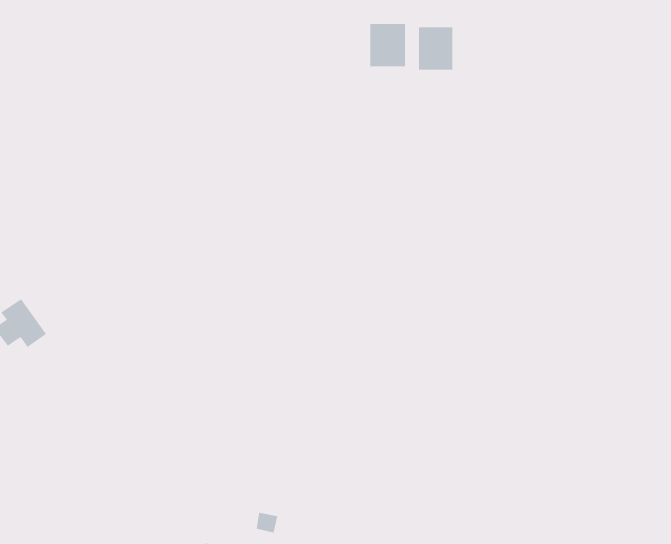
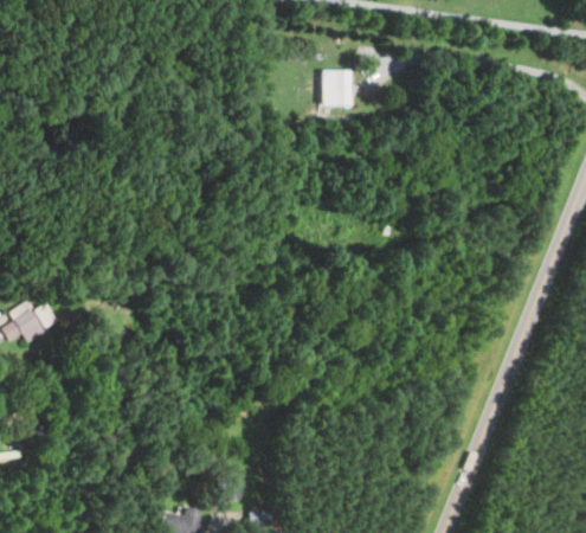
building: [419,27,453,71] -> none

